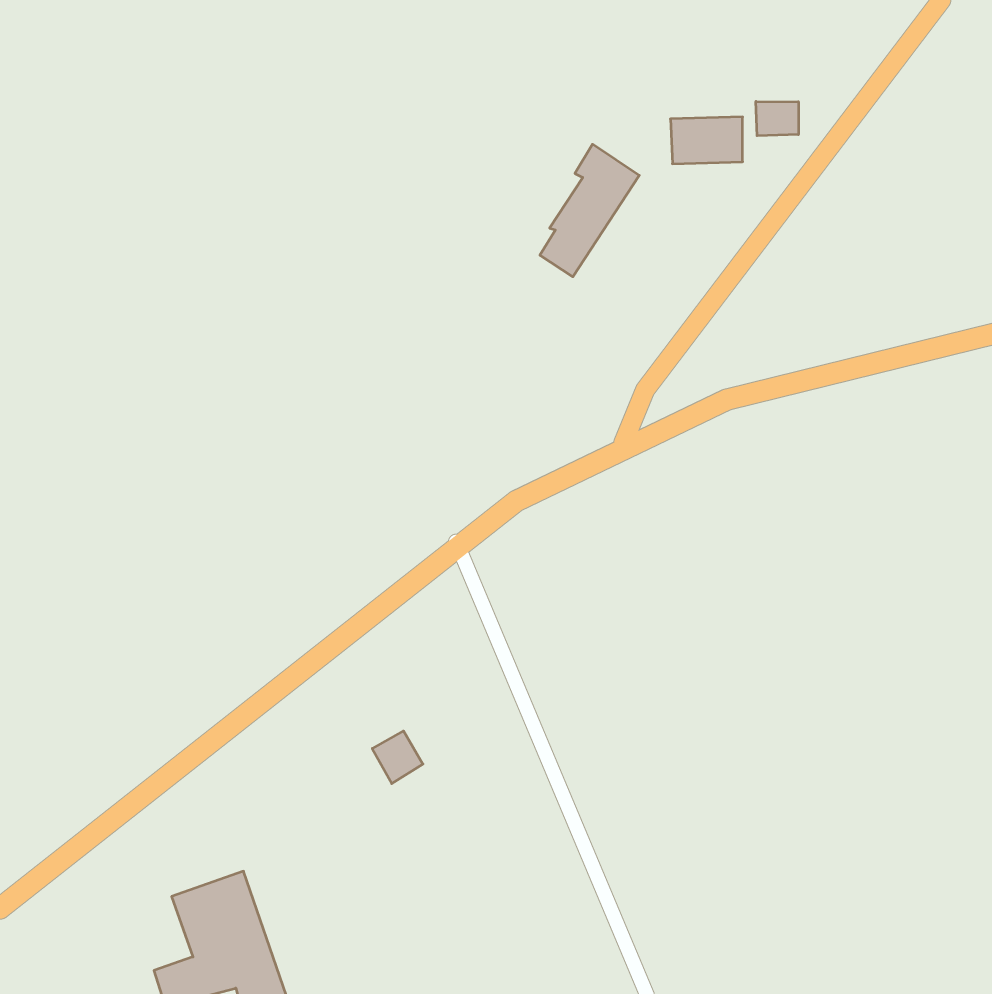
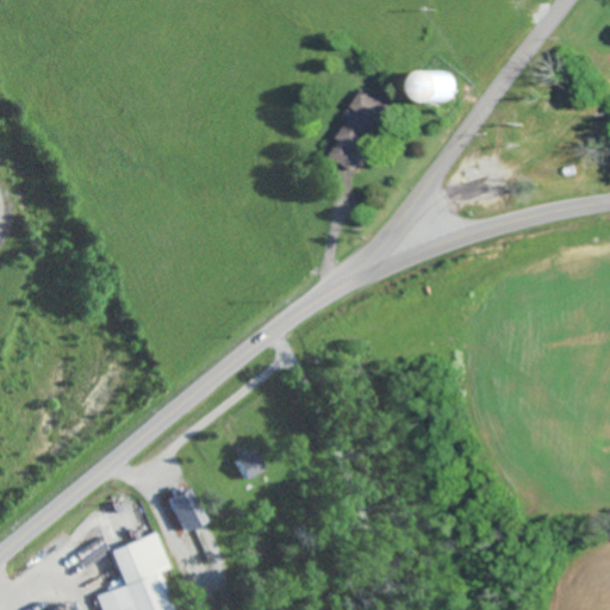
building: [756,101,798,136] -> none
building: none -> [164,486,201,530]

